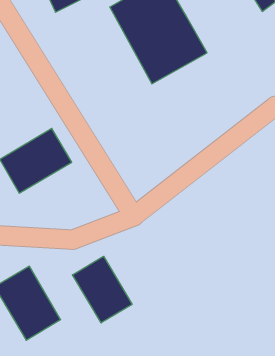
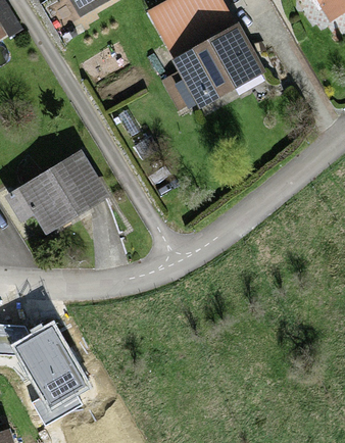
building: [72,256,132,323] -> none

